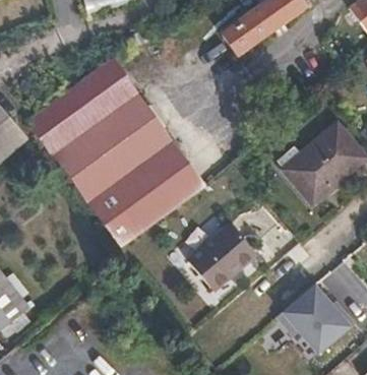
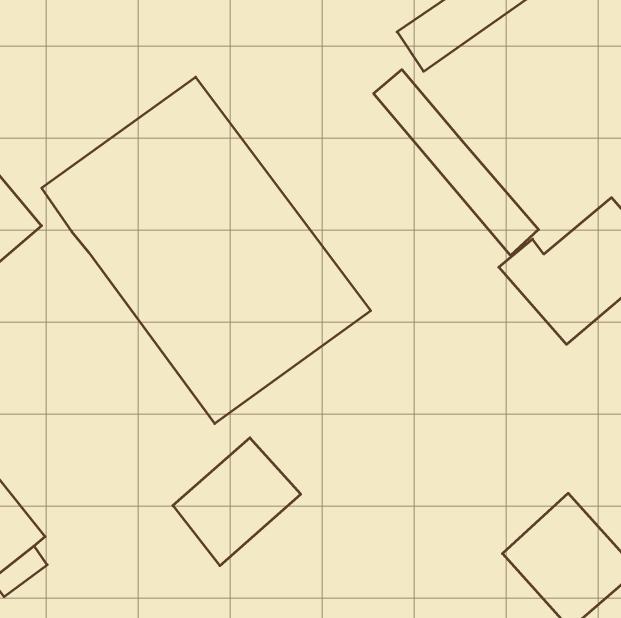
building: none -> [374,70,539,255]
building: [188,224,257,293] -> [173,438,301,566]

